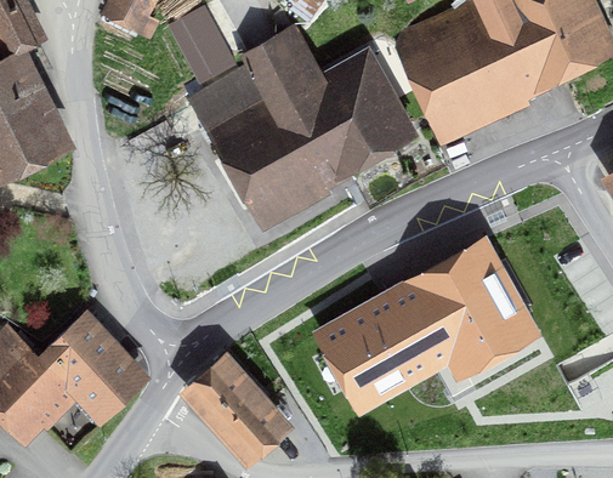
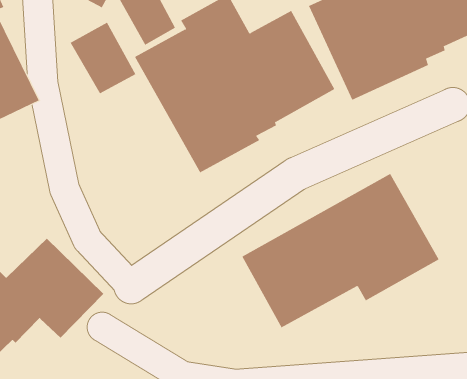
building: none -> [70,22,136,94]
building: [187,358,289,466] -> none

